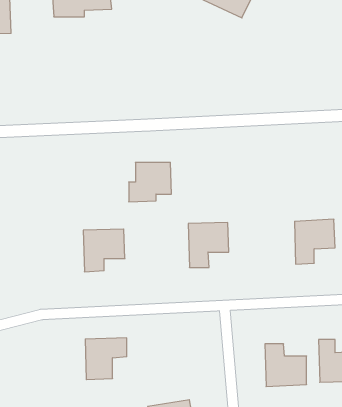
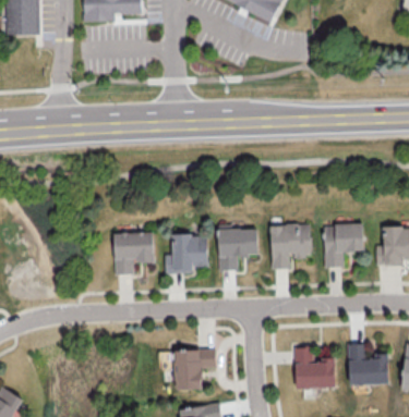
building: [129,162,171,202] -> [166,234,208,273]
building: none -> [270,223,311,268]
building: [85,338,127,380] -> [175,348,216,390]

